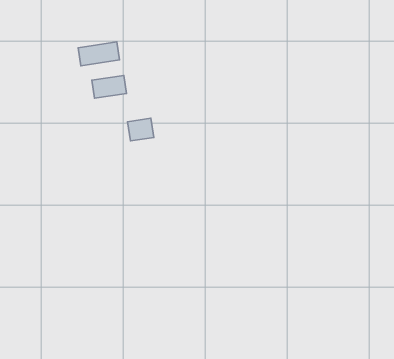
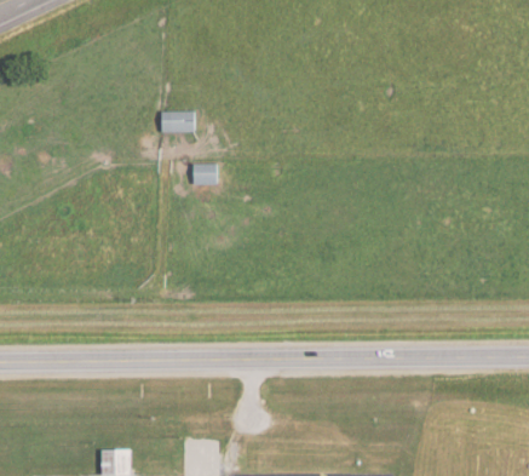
building: [78,42,120,66] -> none

